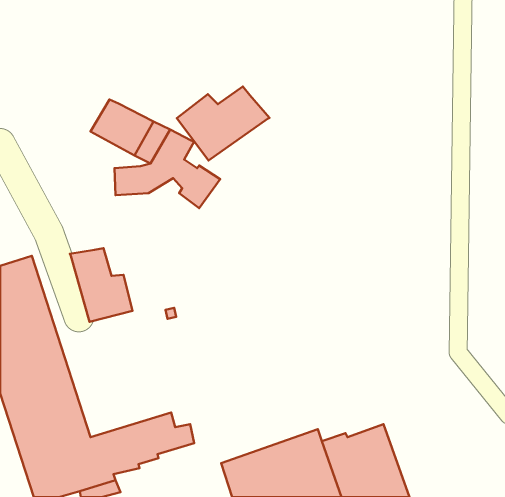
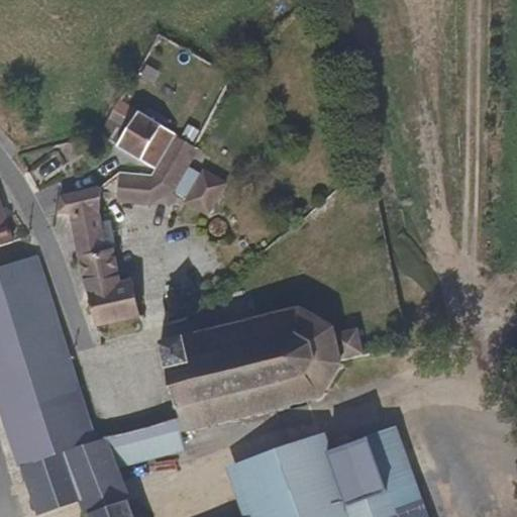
building: [177,87,270,160] -> none
building: none -> [57,186,100,257]
building: none -> [159,310,360,433]

